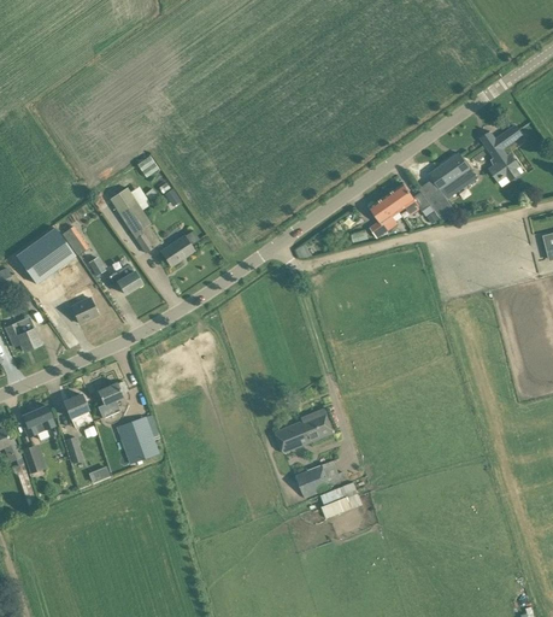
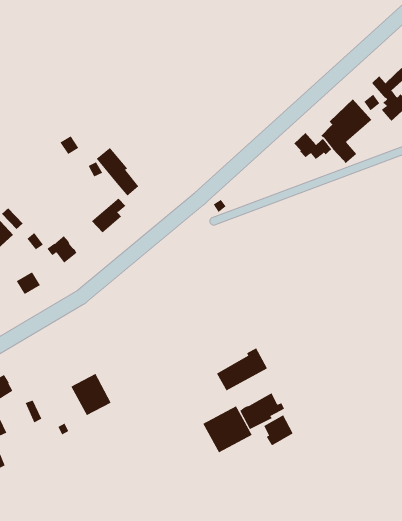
building: [369,193,399,237] -> none
building: [116,196,159,252] -> [96,147,139,196]
building: [96,380,127,417] -> none
building: [63,393,90,427] -> none
building: none -> [203,406,253,453]

